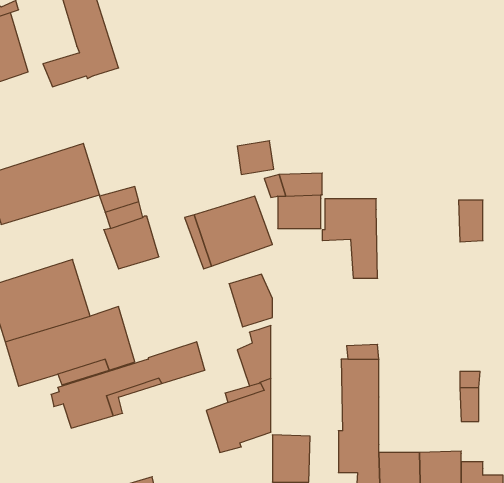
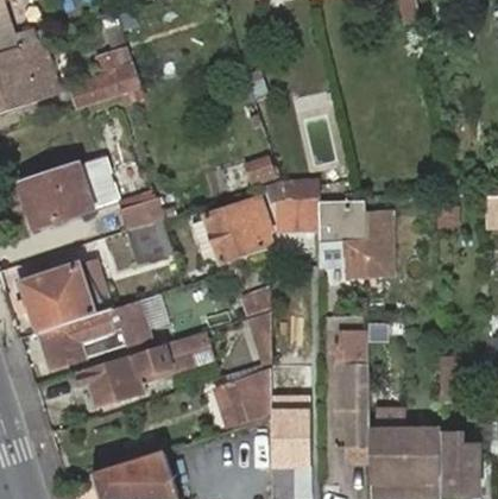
building: none -> [365,213,392,273]

